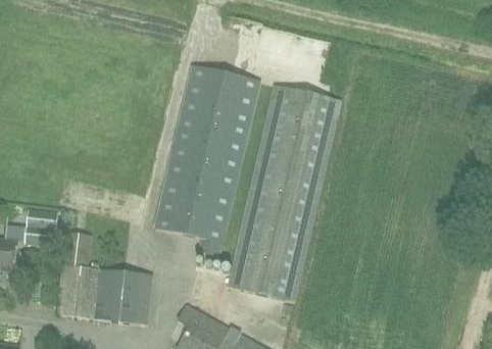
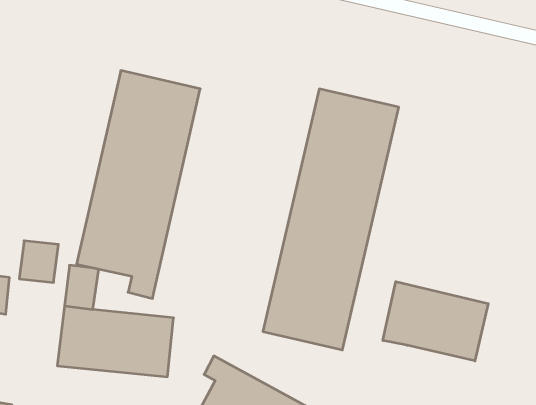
building: [155,65,258,255] -> [77,71,200,298]
building: none -> [383,282,488,361]

